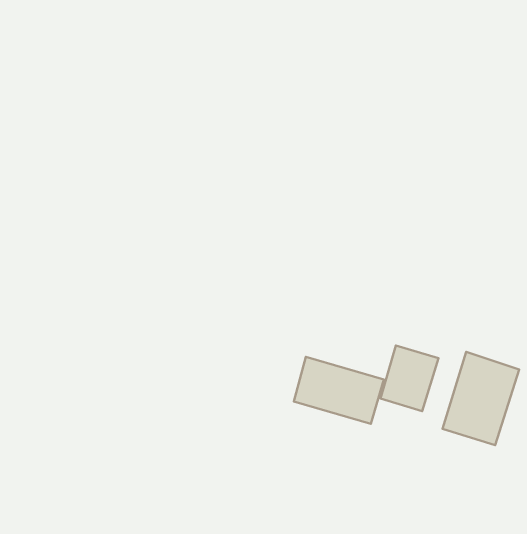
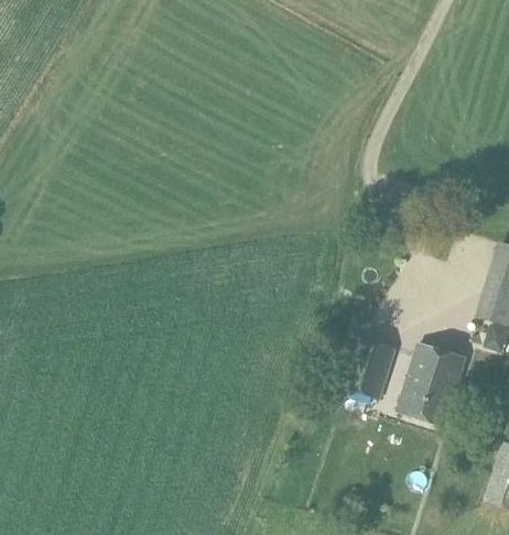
building: [294,357,384,424] -> none

